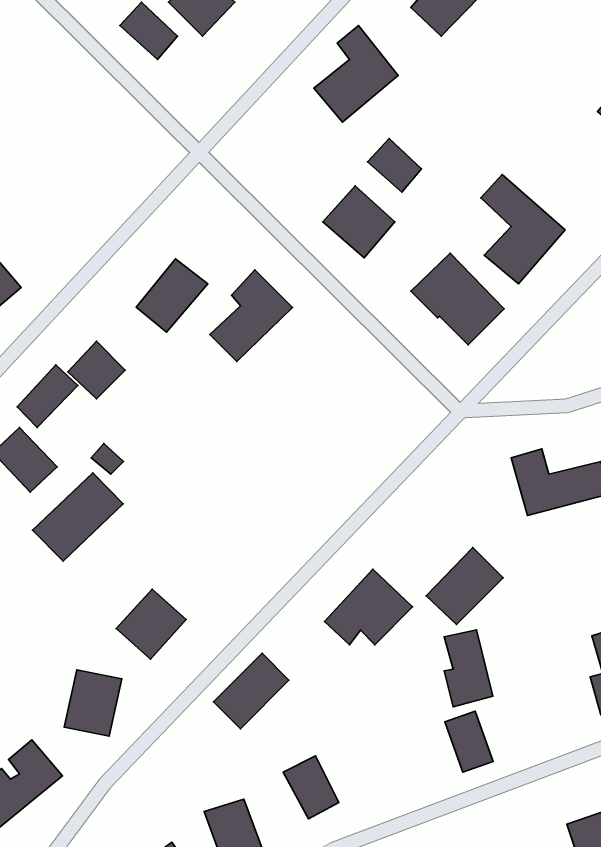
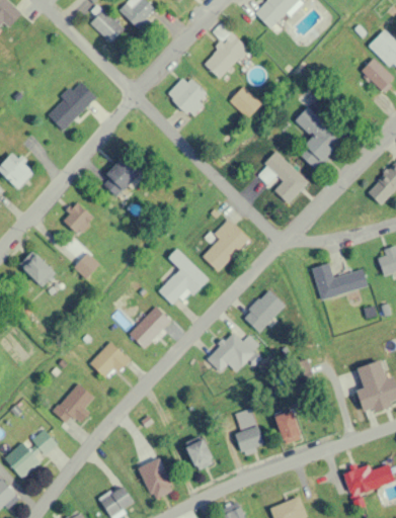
building: none -> [46,80,96,131]
building: [323,186,395,258] -> [167,74,208,114]
building: [210,270,293,361] -> [203,220,249,271]
building: [17,365,78,428] -> none
building: none -> [158,249,209,305]
building: [33,473,123,561] -> none
building: [426,547,503,625] -> [242,288,286,332]
building: [444,630,493,707] -> [235,409,262,452]
building: [214,653,289,729] -> [129,306,171,348]

